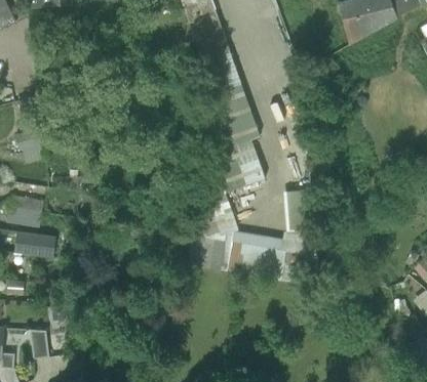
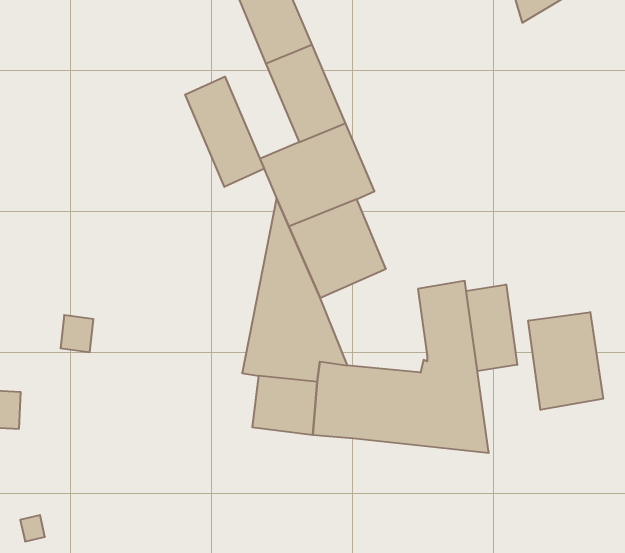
building: none -> [185,77,264,187]
building: none -> [466,284,517,371]
building: none -> [528,312,603,410]

